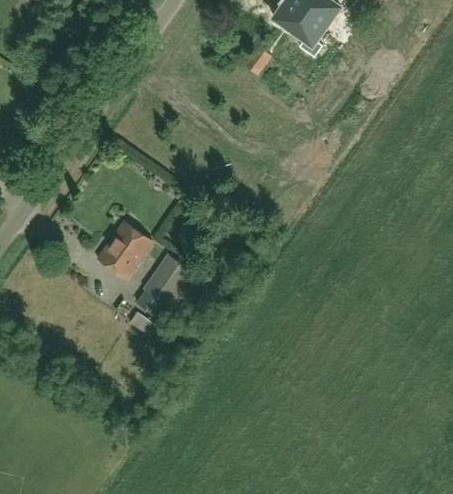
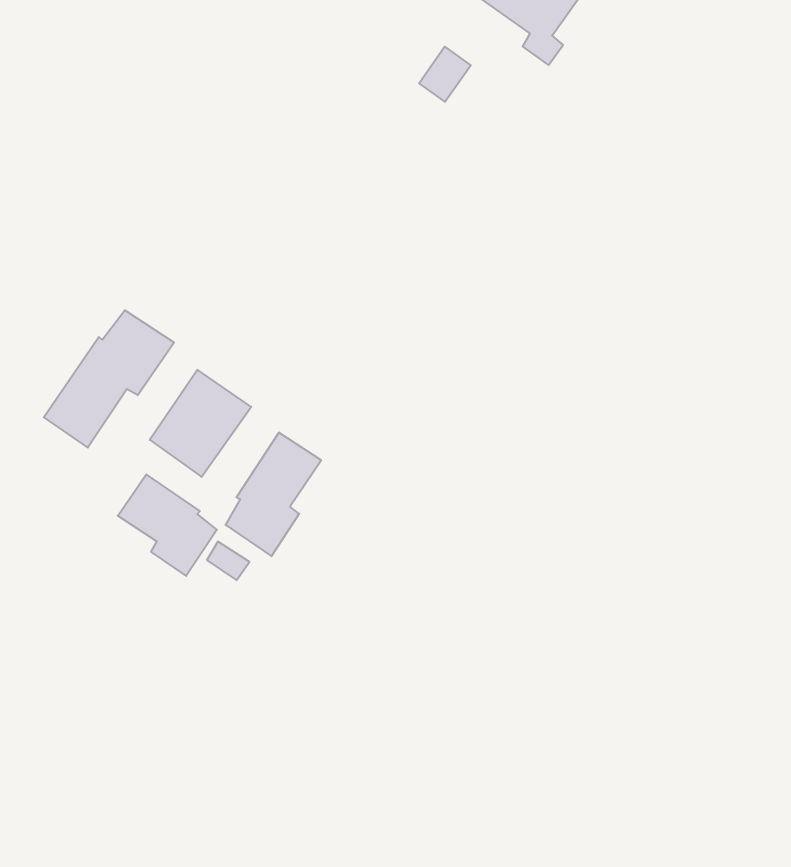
building: none -> [44,310,174,448]
building: none -> [118,474,217,576]

